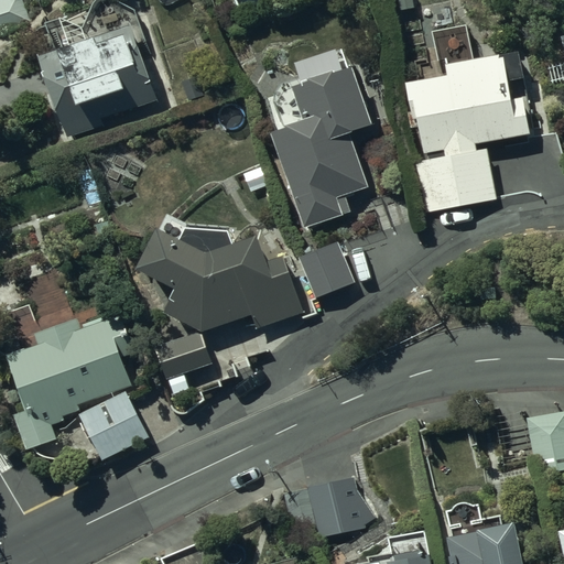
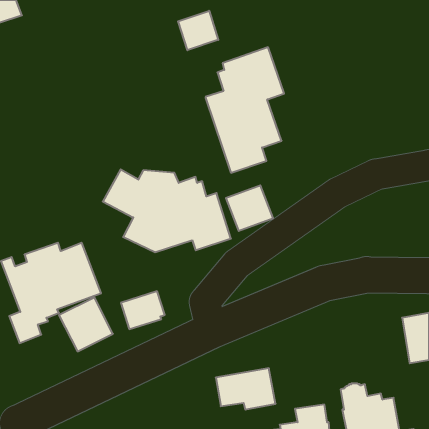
building: none -> [178,11,218,50]
building: [39,23,156,139] -> none
building: [403,48,530,213] -> none
building: [153,332,210,381] -> [121,291,165,329]

